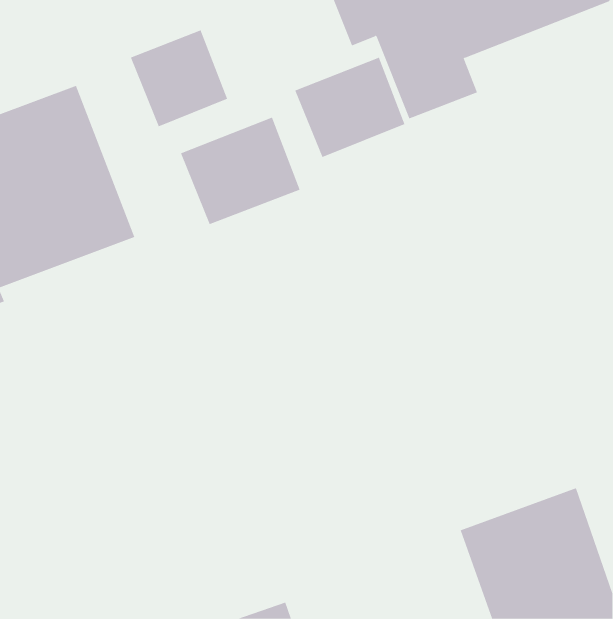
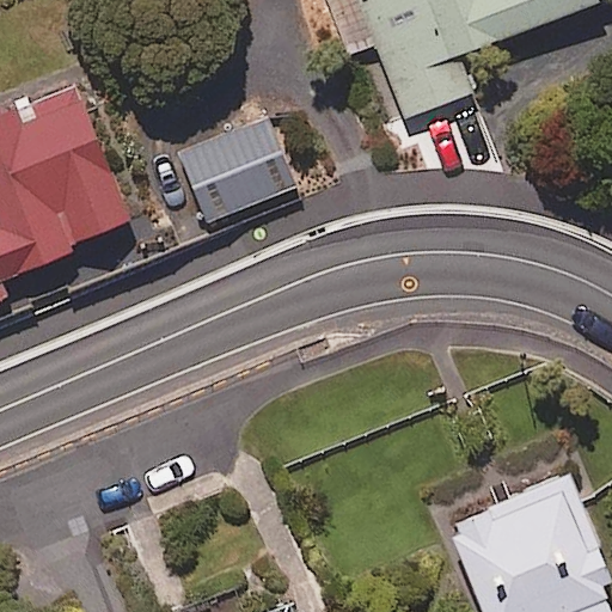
building: [130,29,228,127] -> none
building: [295,57,405,158] -> none

